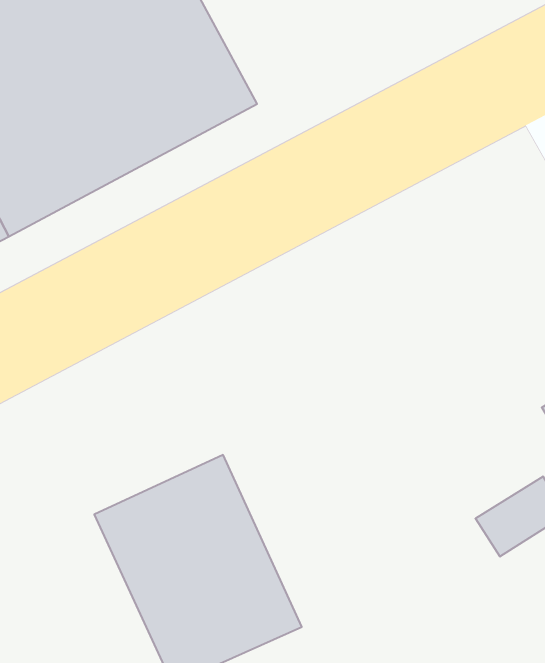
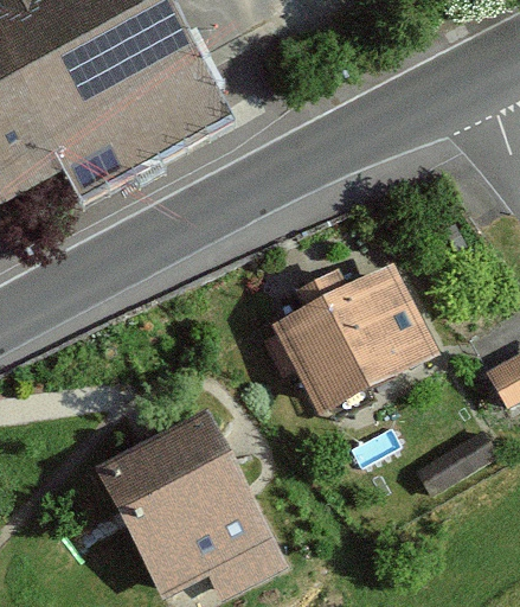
building: none -> [270,267,429,415]

